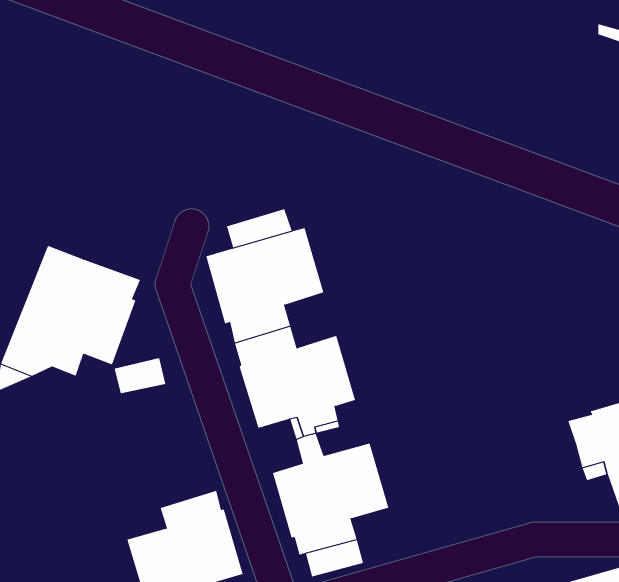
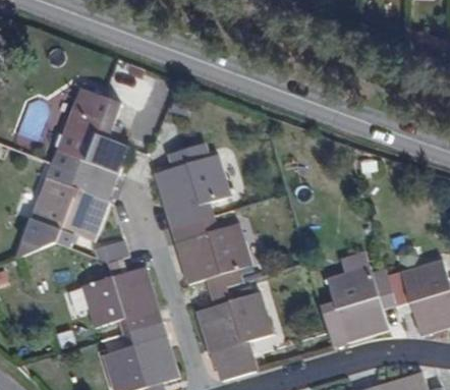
building: none -> [52,88,129,187]
building: none -> [81,259,161,334]
building: none -> [321,263,392,345]

